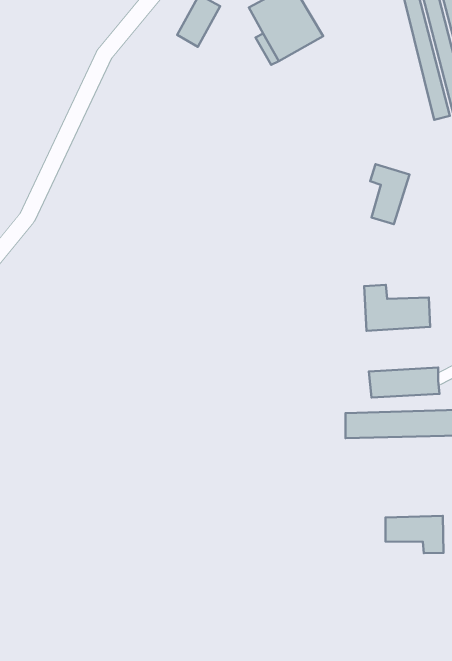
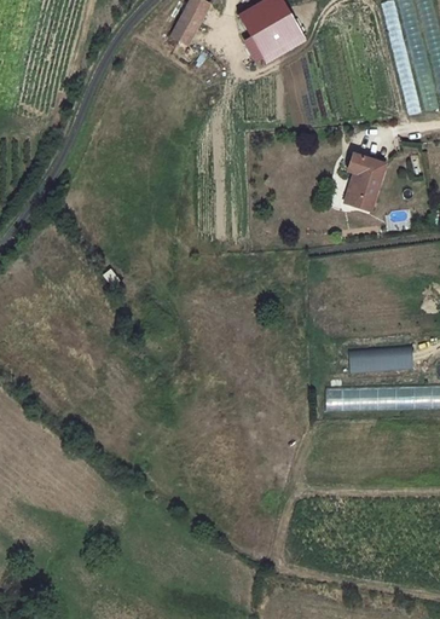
building: [364,285,430,331] -> none
building: [385,516,444,553] -> none

